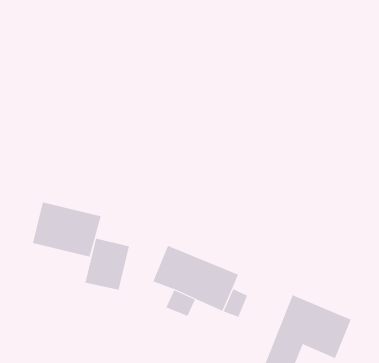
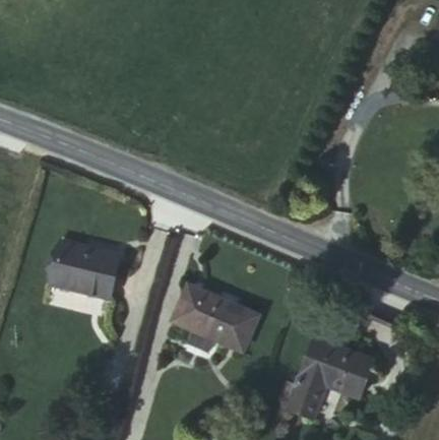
building: [85,238,130,291] -> none

